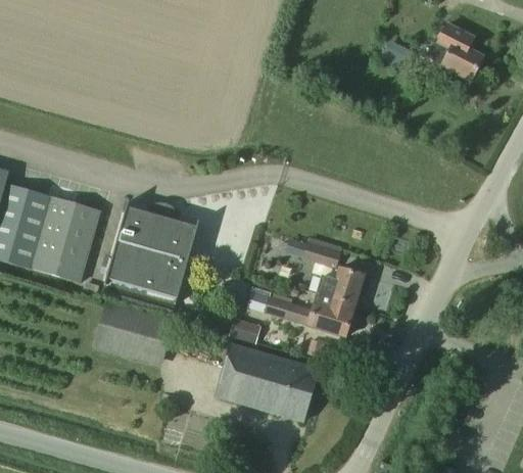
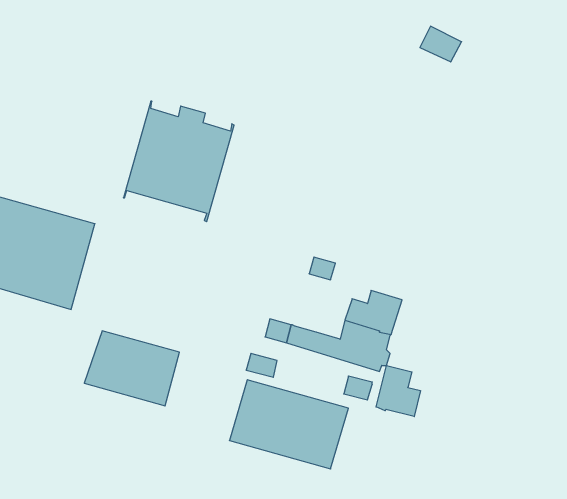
building: [428,22,482,80] -> none
building: [105,200,200,303] -> [123,101,234,222]
building: [301,242,340,269] -> none
building: none -> [376,365,420,417]

